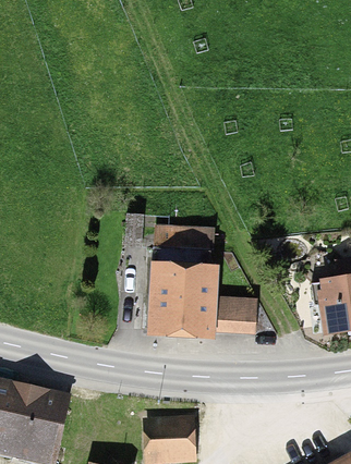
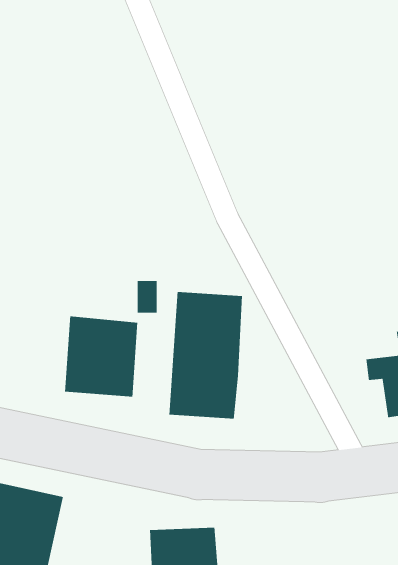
building: none -> [64,315,138,397]
building: [207,297,254,337] -> none

